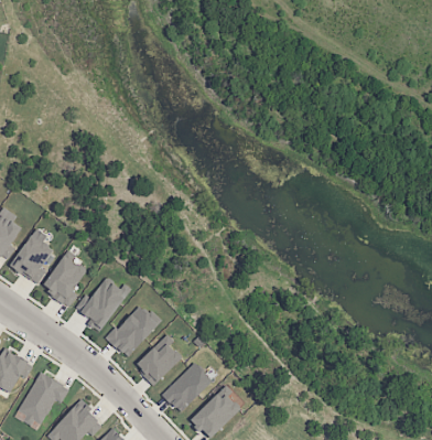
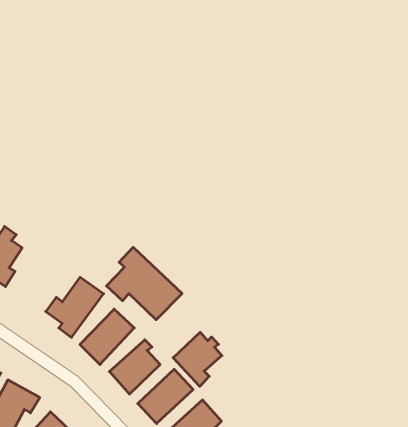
building: none -> [106,247,182,320]
building: [42,255,87,307] -> none
building: none -> [173,332,222,386]

